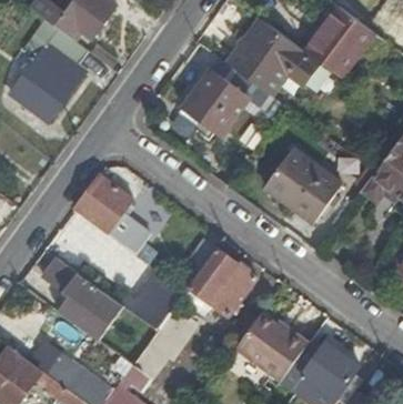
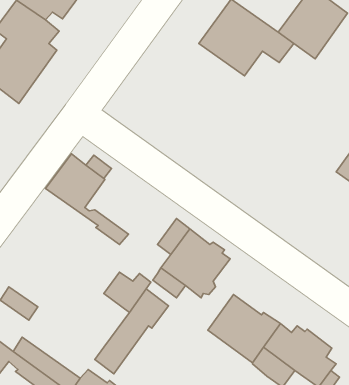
building: [180,59,275,138] -> none
building: [264,149,342,223] -> none
building: [41,257,124,342] -> none

